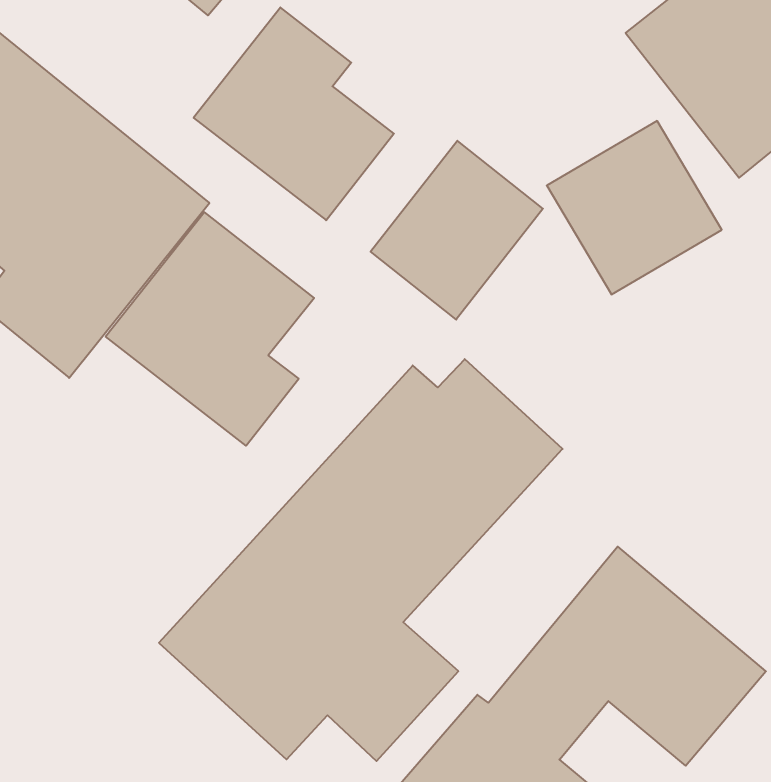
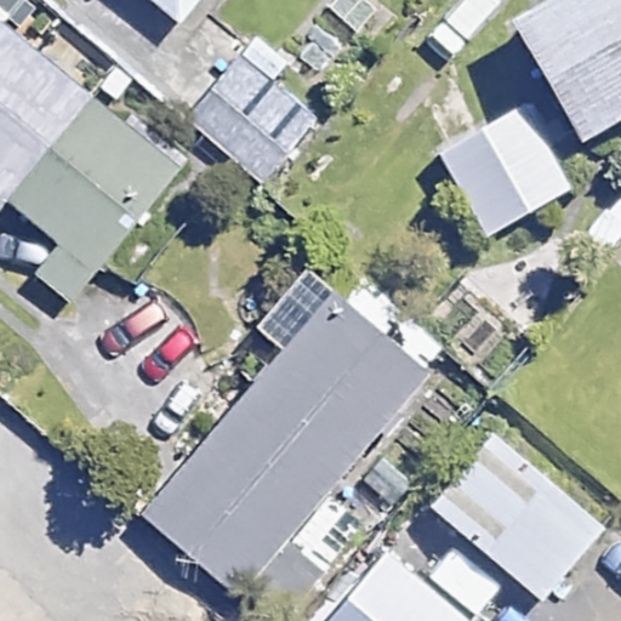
building: [371,141,543,320] -> none
building: [106,212,314,446] -> none

